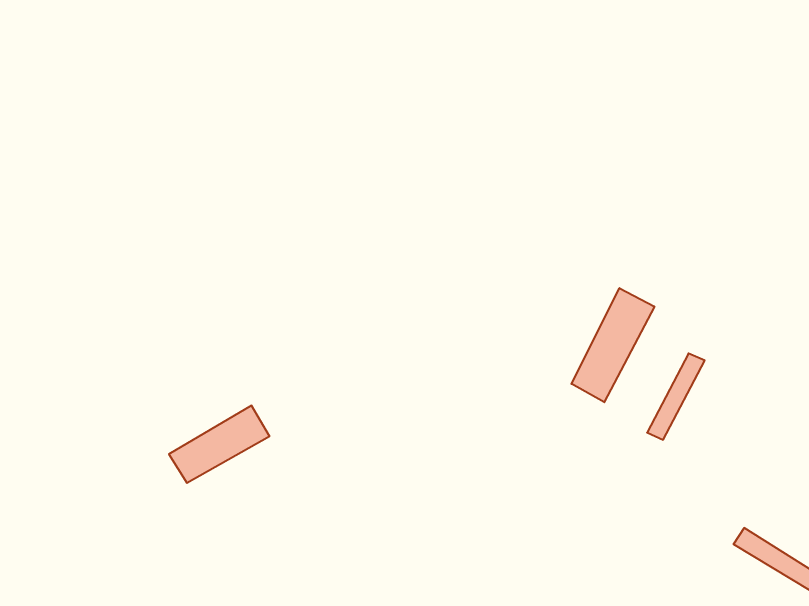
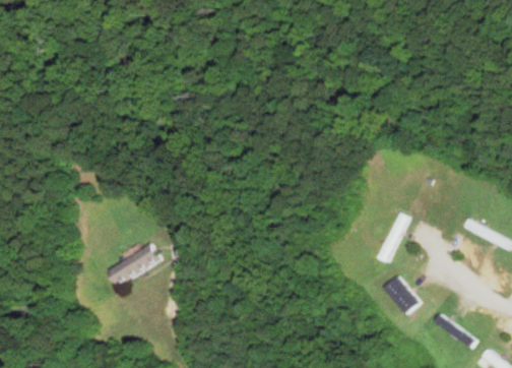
building: [571,288,654,402] -> none
building: none -> [382,275,420,313]

